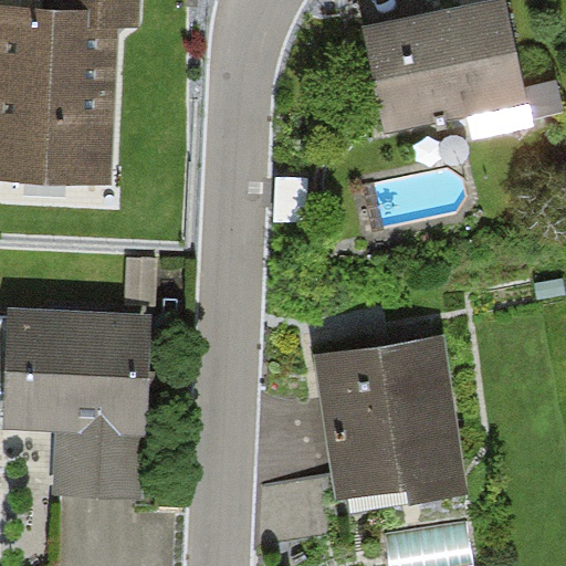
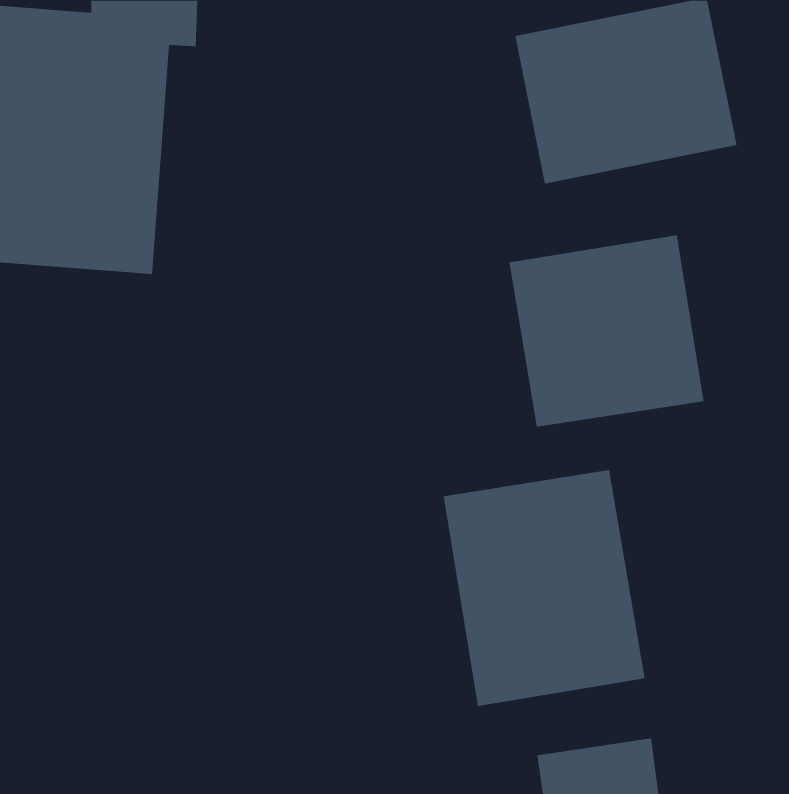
building: none -> [509,235,704,427]
building: [4,303,144,493] -> none

